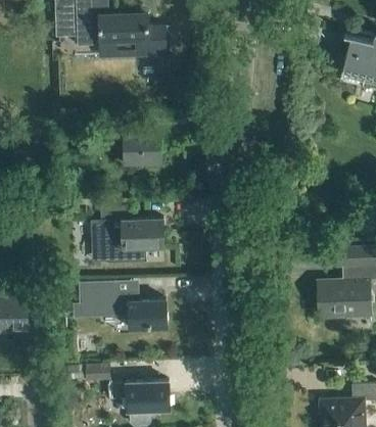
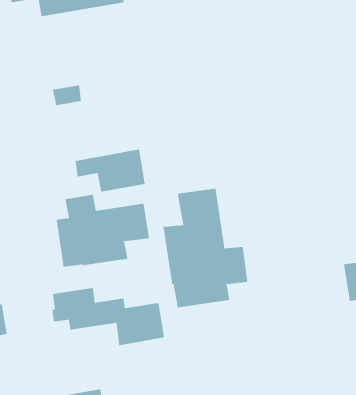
building: [107,132,161,162] -> [75,149,145,192]
building: none -> [163,188,248,308]

